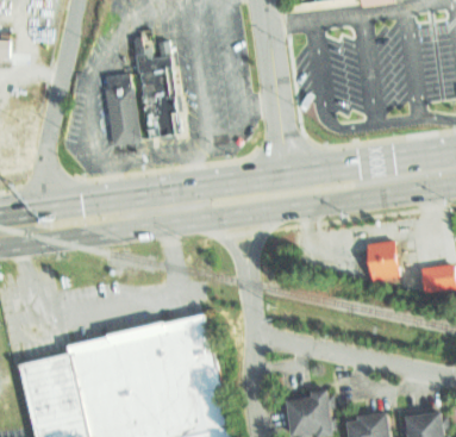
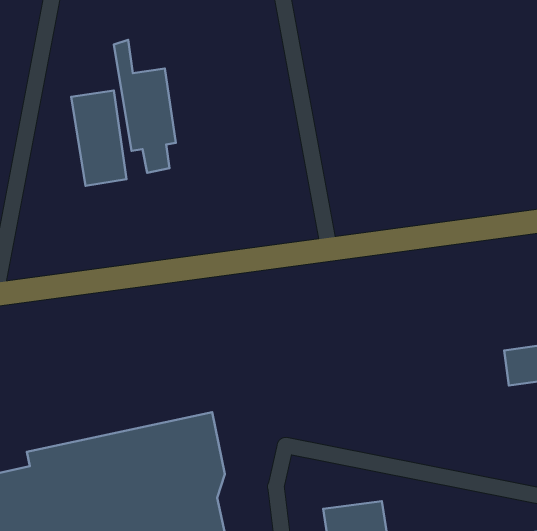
building: [368,244,405,287] -> none

